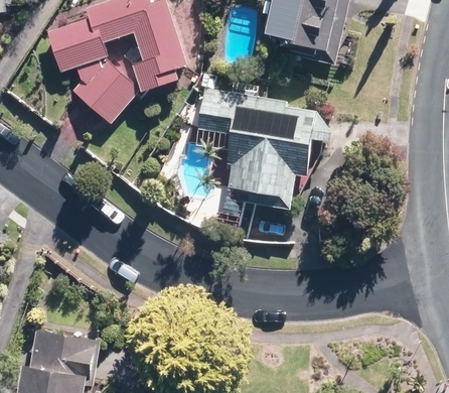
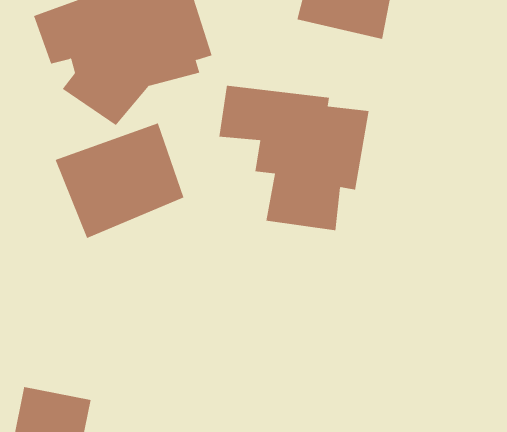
building: none -> [55,123,184,239]

